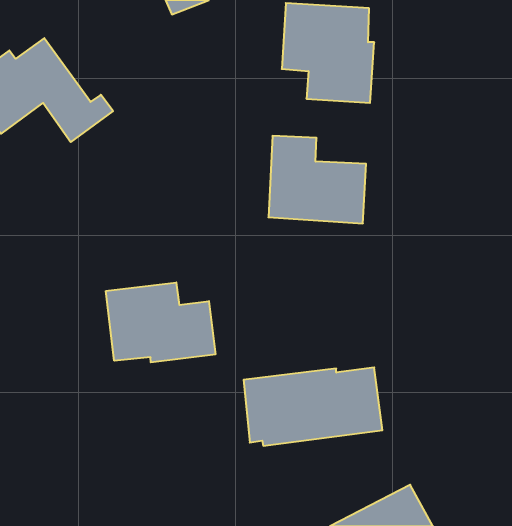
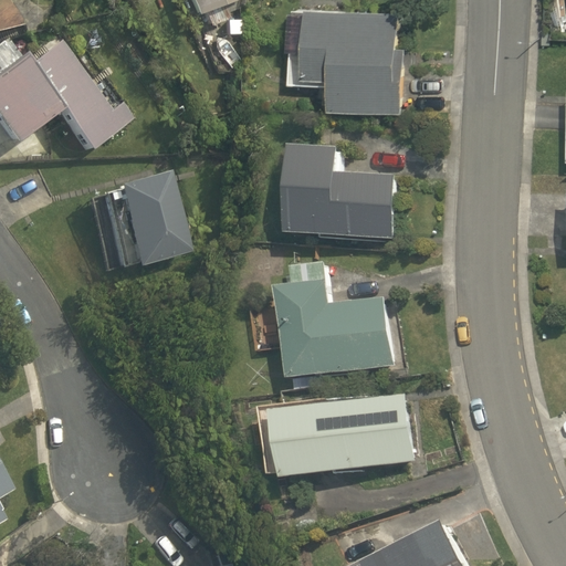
building: none -> [73,171,176,272]
building: none -> [277,263,390,379]
building: [106,282,215,362] -> none

